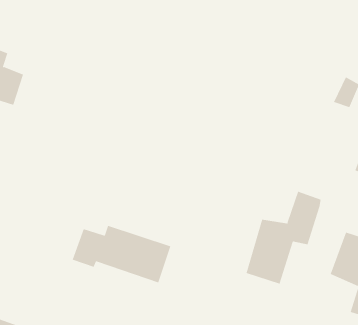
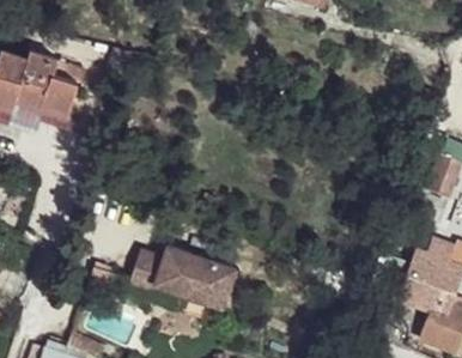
building: [246,191,321,285] -> none

